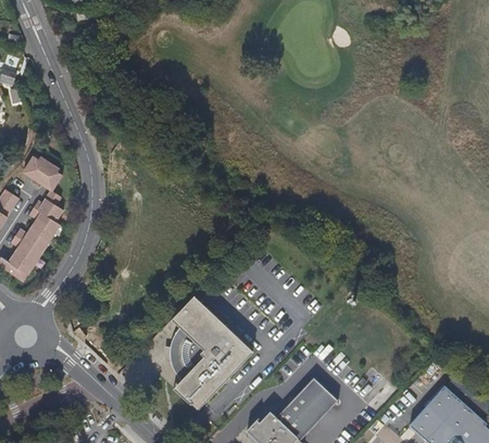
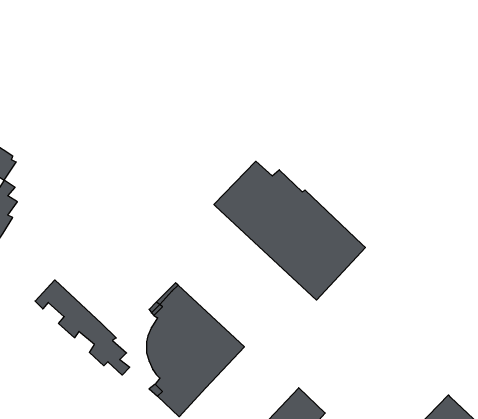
building: none -> [214,161,365,300]
building: none -> [35,280,130,375]

